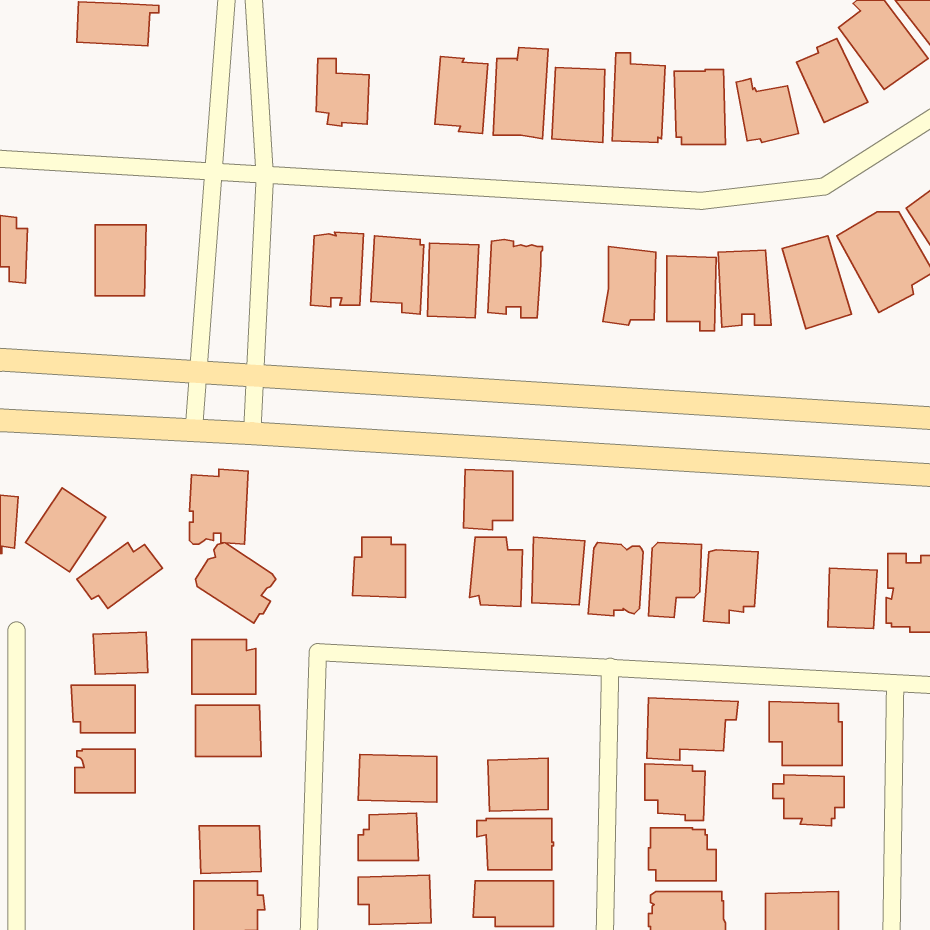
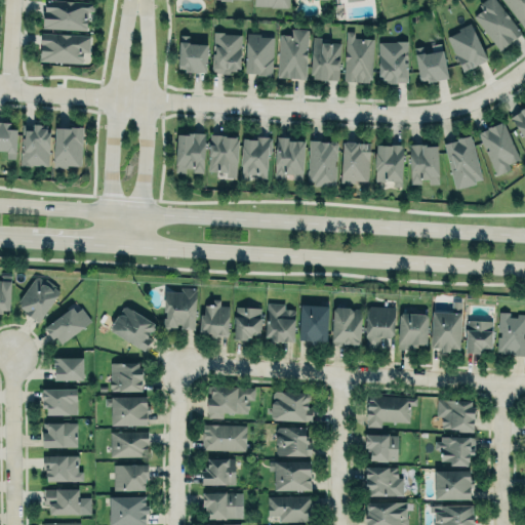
building: none -> [38,32,93,66]
building: none -> [213,32,243,74]
building: none -> [22,124,52,167]
building: none -> [309,142,338,187]
building: [190,469,248,544] -> [165,288,198,330]
building: [463,469,513,530] -> [235,308,262,341]
building: none -> [431,310,462,351]
building: none -> [208,386,256,419]
building: none -> [272,392,315,422]
building: none -> [112,432,150,457]
building: none -> [44,455,84,482]
building: none -> [436,471,475,499]
building: none -> [45,488,83,515]

